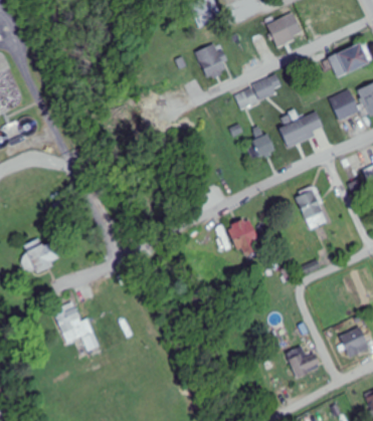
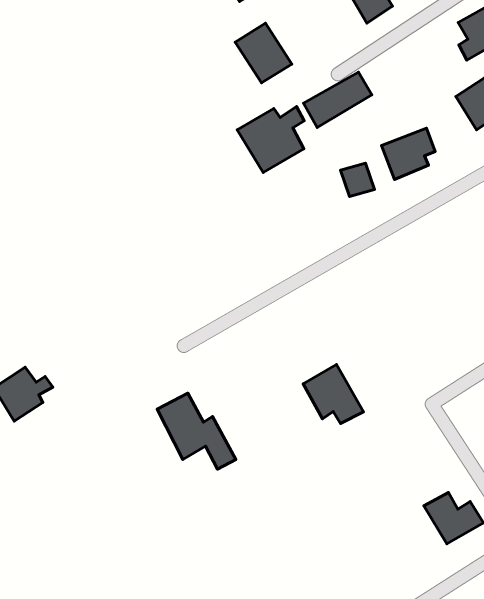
building: none -> [237,106,304,173]
building: [295,188,324,219] -> none
building: [225,217,261,254] -> [303,365,364,424]
building: [52,302,99,352] -> [157,393,236,469]

